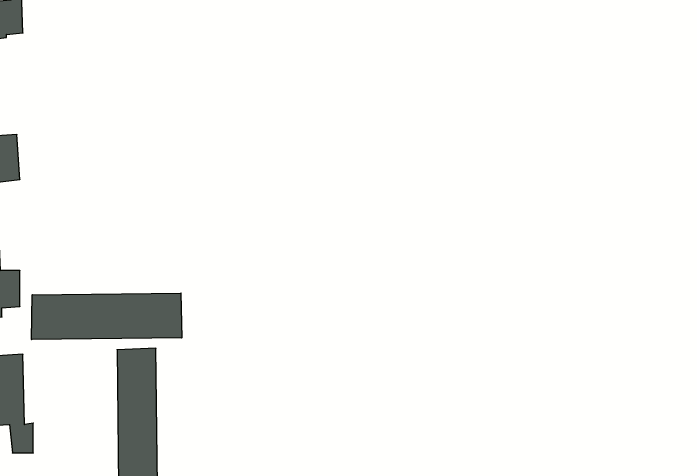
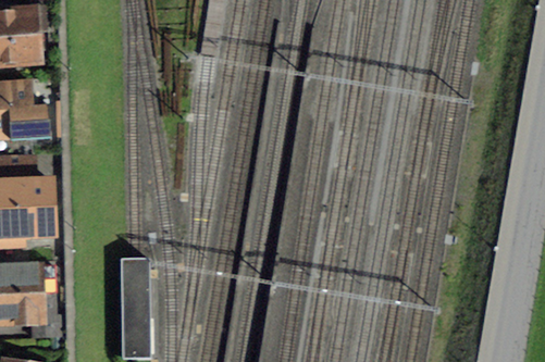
building: [32,293,182,340] -> none

